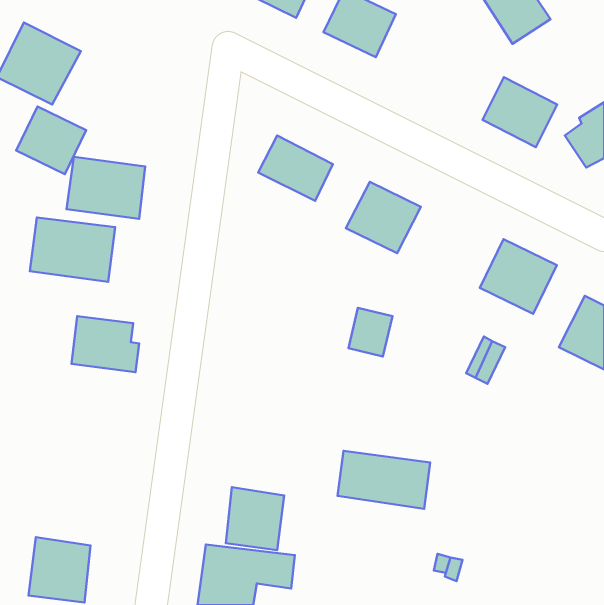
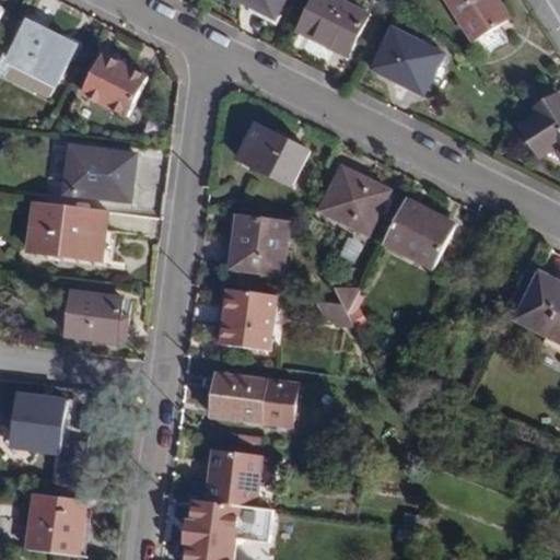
building: [482,77,557,147] -> [372,28,441,93]
building: [16,106,86,174] -> [81,52,145,115]
building: none -> [231,215,287,275]
building: [480,239,557,314] -> [382,198,453,267]
building: none -> [220,302,272,350]
building: none -> [9,393,66,456]
building: [337,451,430,509] -> [209,373,294,427]

